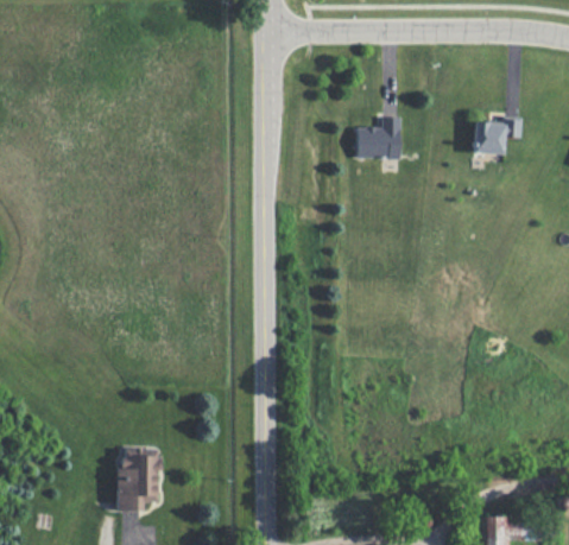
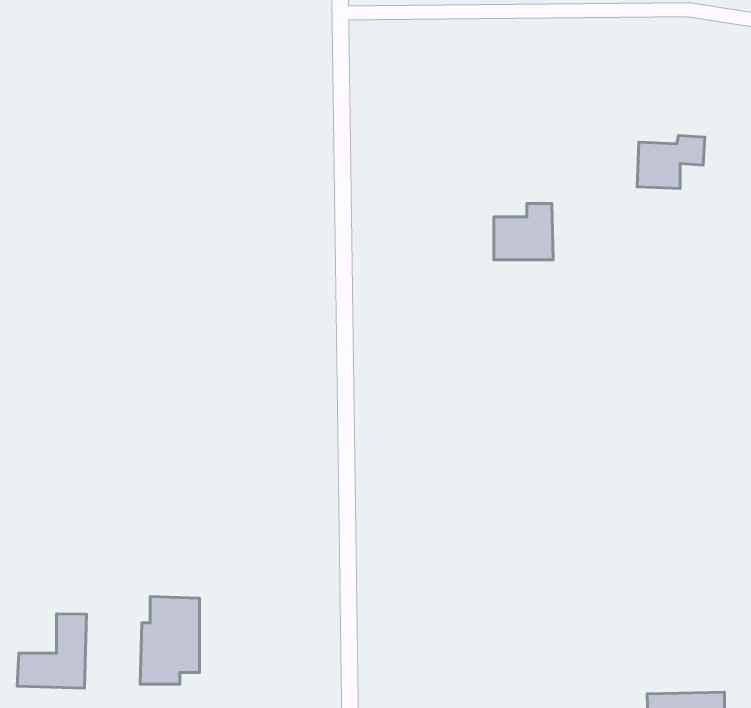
building: [358,118,400,158] -> [494,204,553,260]
building: none -> [17,614,87,688]

